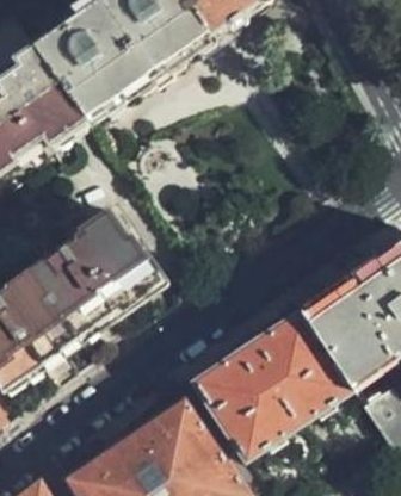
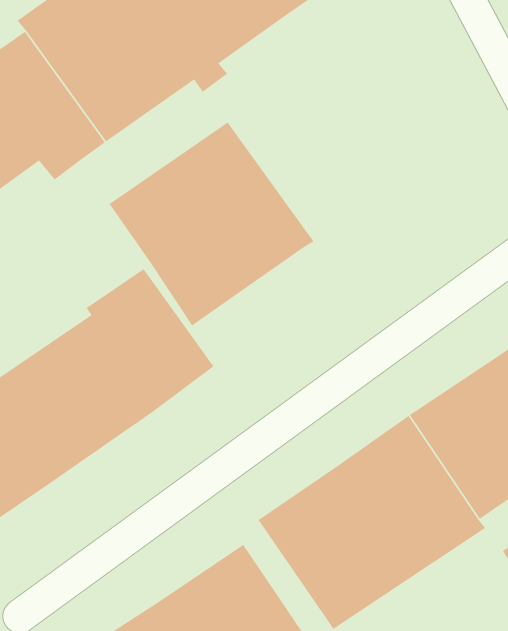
building: none -> [109,121,314,327]

